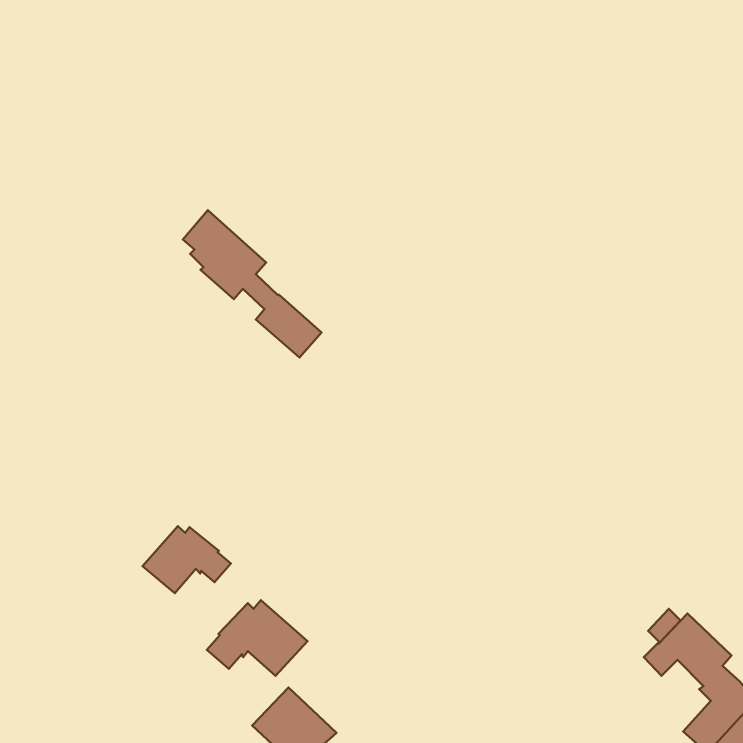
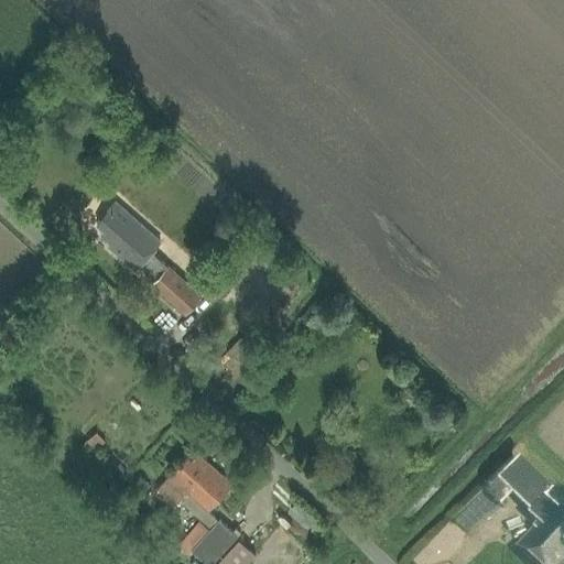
building: [183,210,321,357] -> [98,204,203,315]
building: [143,526,231,593] -> none

